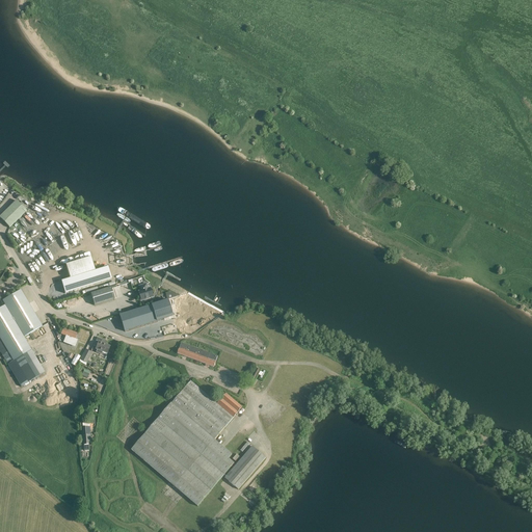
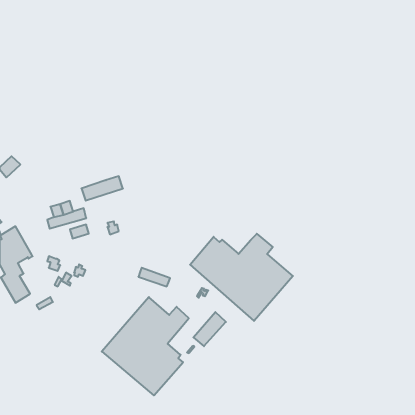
building: none -> [190,234,293,321]
building: [118,299,171,330] -> [81,176,123,201]
building: [223,445,265,488] -> [193,312,226,346]

